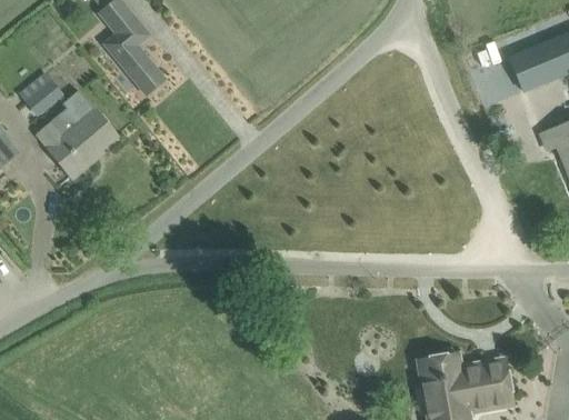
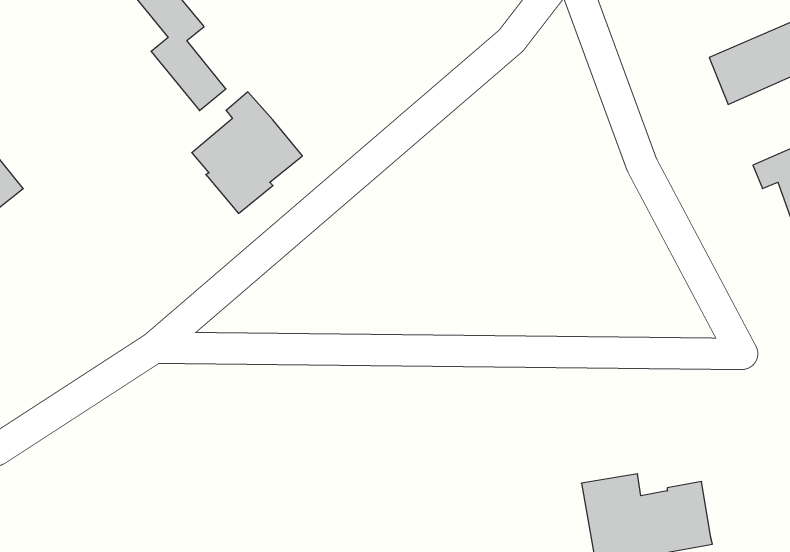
building: [19,72,62,116] -> none
building: [38,91,117,178] -> [192,92,302,213]

